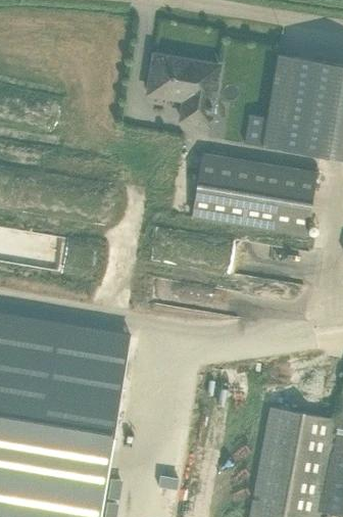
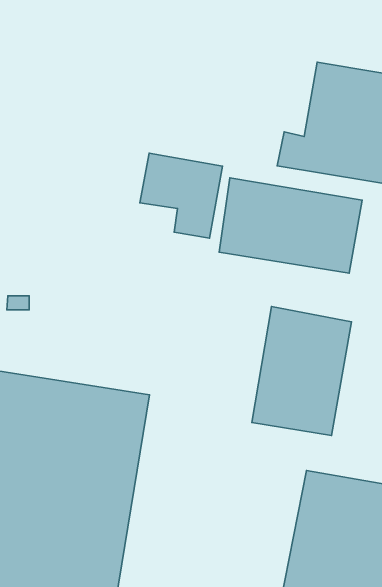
building: [147,54,218,128] -> [140,153,222,238]
building: none -> [252,307,351,436]

